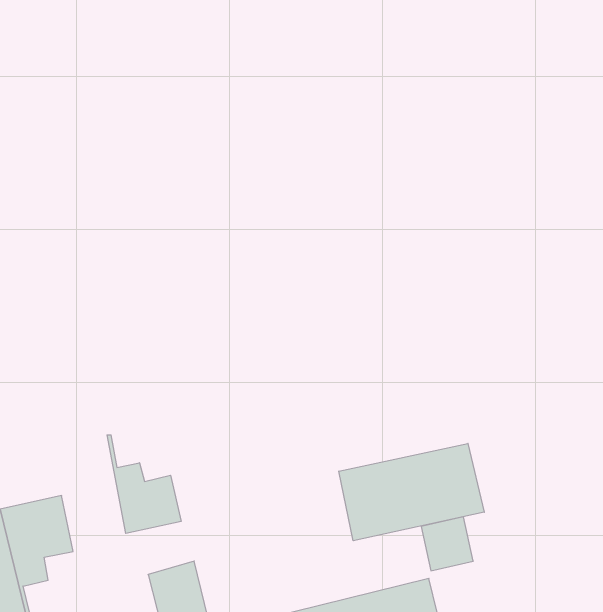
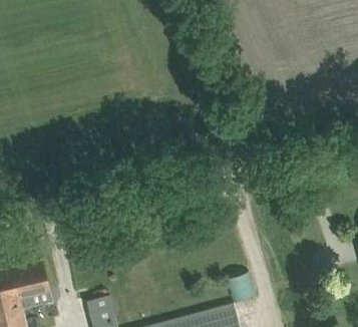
building: [107,435,181,533] -> none
building: [339,443,484,541] -> none

